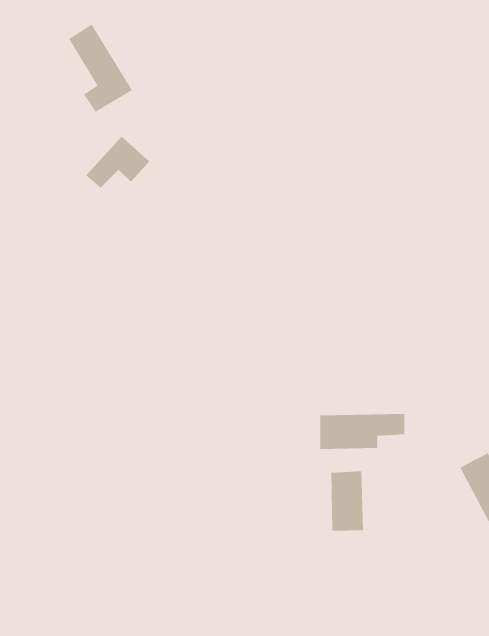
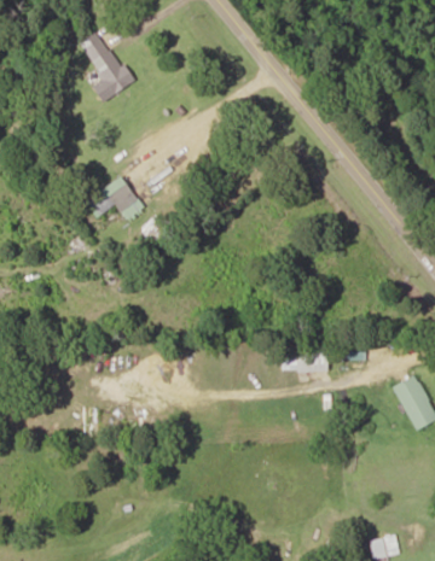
building: [86,136,150,189] -> [86,177,138,220]
building: [331,470,364,532] -> none

